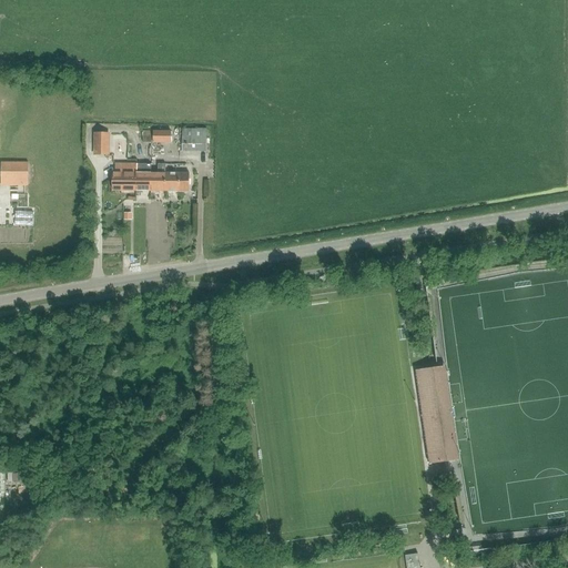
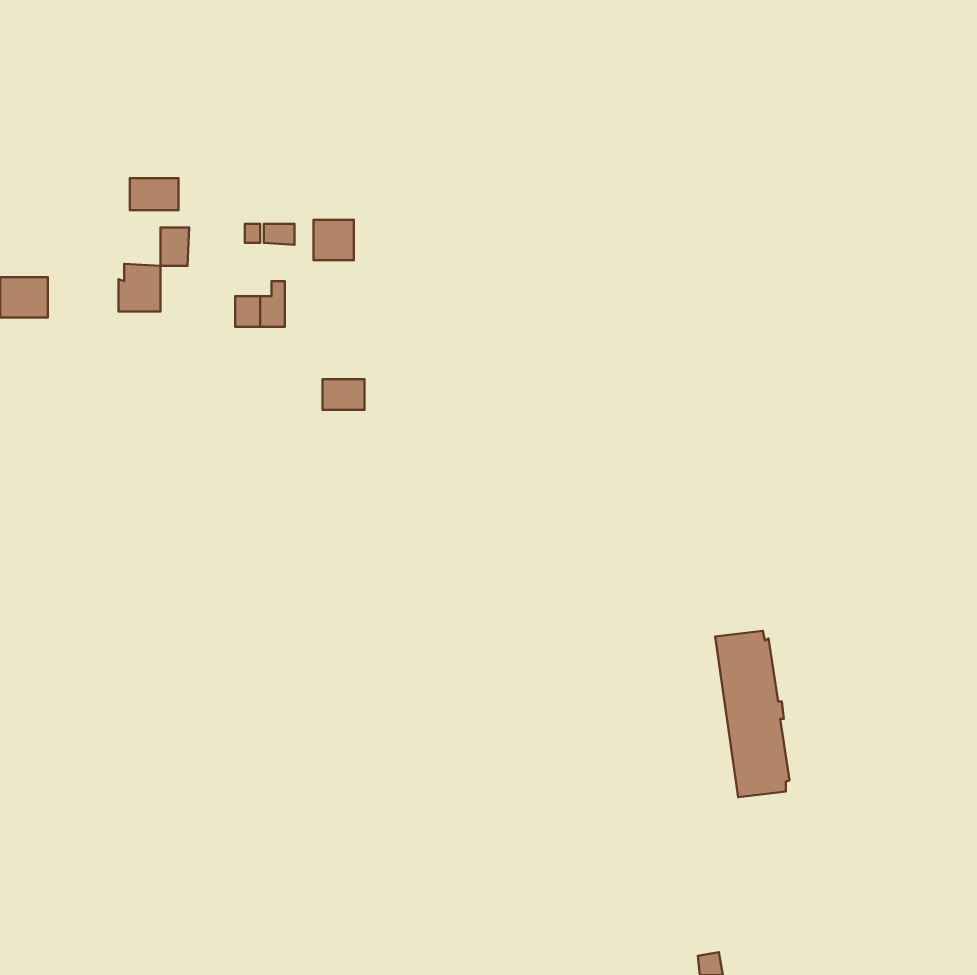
building: none -> [130,178,179,210]
building: [112,162,136,190] -> [119,264,161,312]
building: [165,172,190,190] -> [322,379,364,410]

